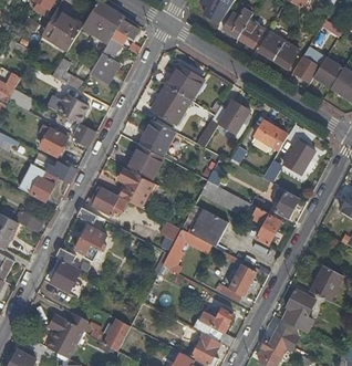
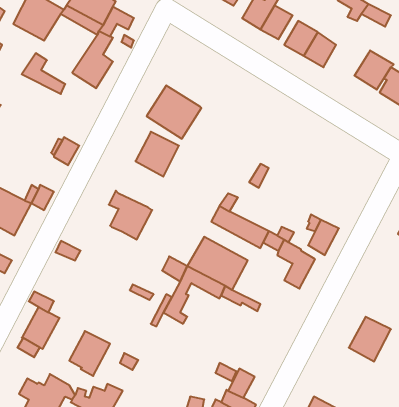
building: [292,46,324,83] -> none
building: [168,65,204,100] -> none
building: [48,93,89,122] -> none
building: [197,98,248,146] -> none
building: [253,117,290,150] -> none
building: [40,127,68,157] -> none
building: [284,139,315,174] -> none
building: [127,143,164,179] -> none
building: [93,186,130,212] -> none
building: [76,223,108,259] -> [69,331,110,376]
building: [216,262,258,301] -> none
building: [282,291,314,332] -> none

